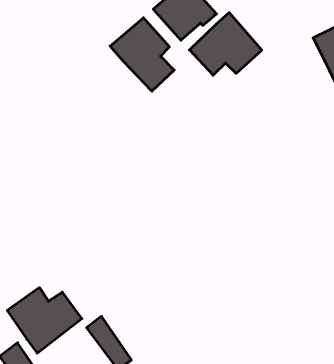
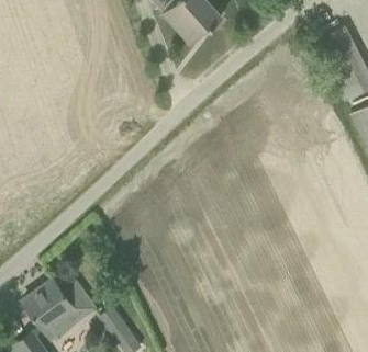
building: [189,13,262,75] -> none
building: [110,18,174,91] -> none

